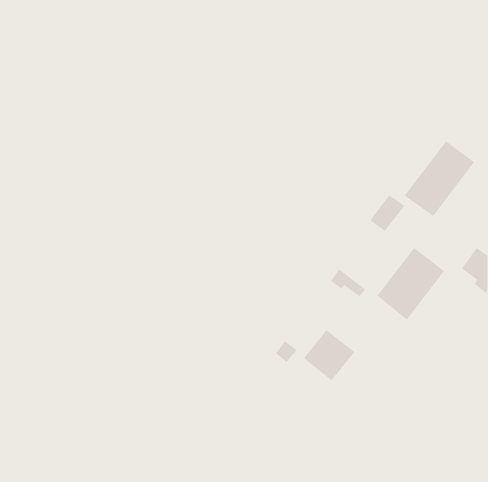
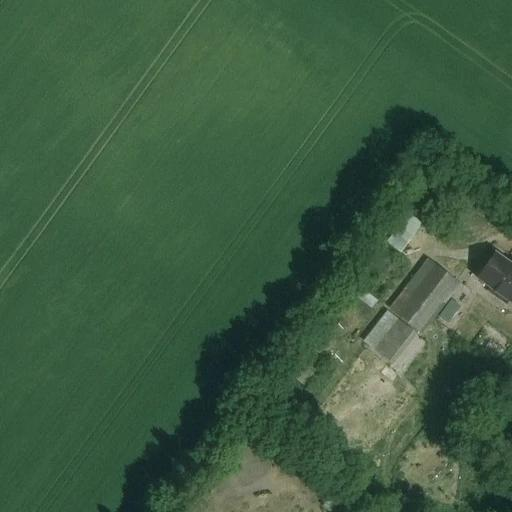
building: [404,140,475,217] -> none
building: [303,329,355,381] -> [364,311,418,365]

